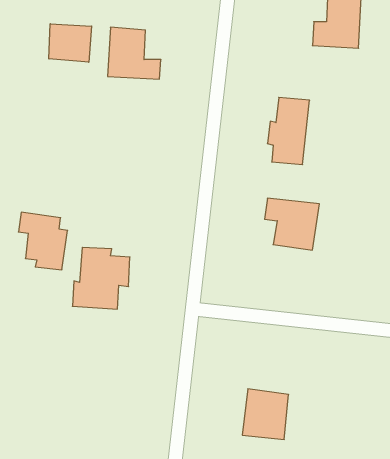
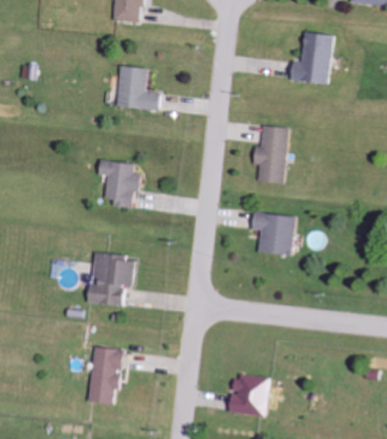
building: [49,24,92,62] -> none
building: [18,212,68,270] -> [97,158,139,207]
building: none -> [87,346,125,403]

